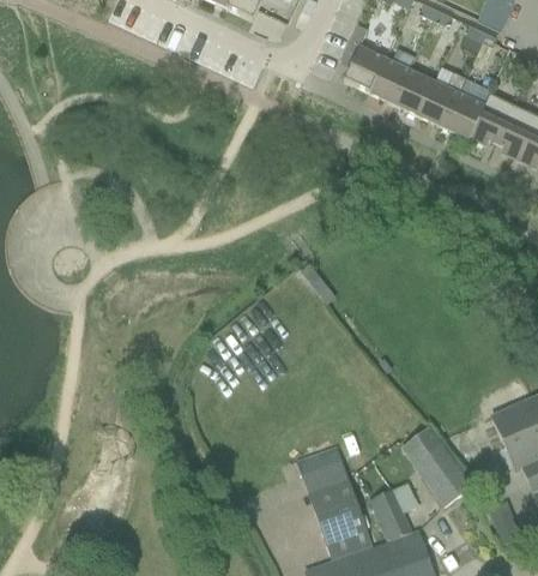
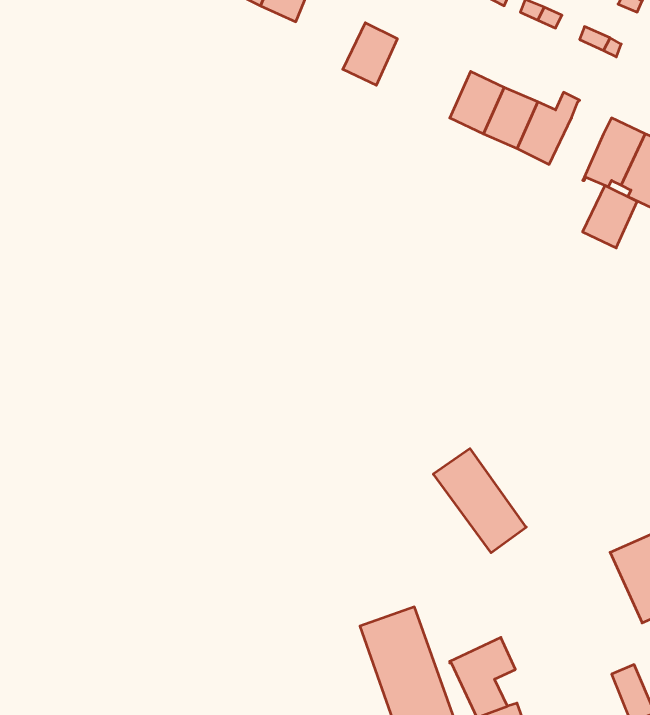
building: [344,46,385,92] -> [343,23,397,85]
building: [443,92,484,139] -> [583,185,637,248]
building: [403,427,472,505] -> [433,449,526,553]

